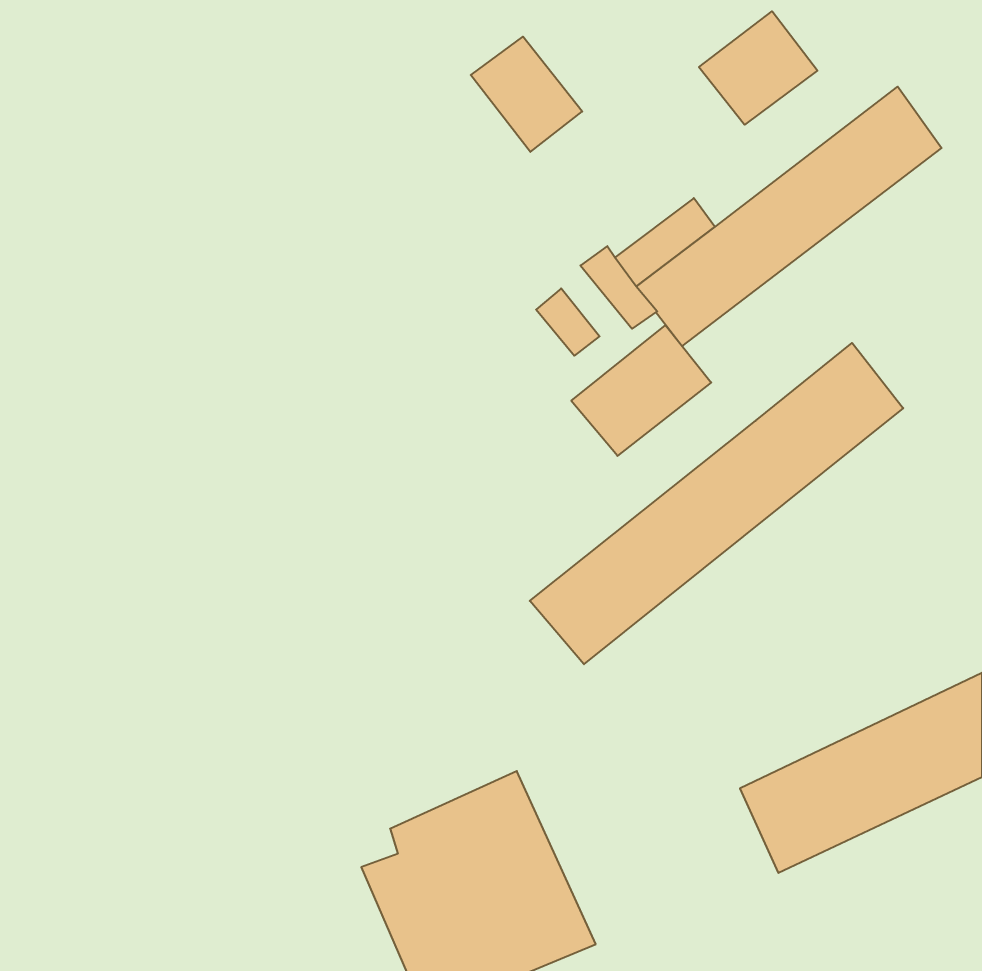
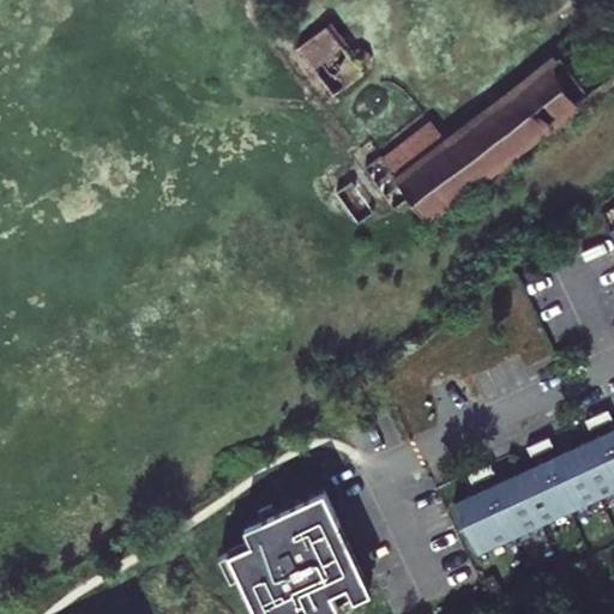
building: [699,11,817,125] -> none
building: [571,325,711,456] -> none
building: [530,343,903,664] -> none

